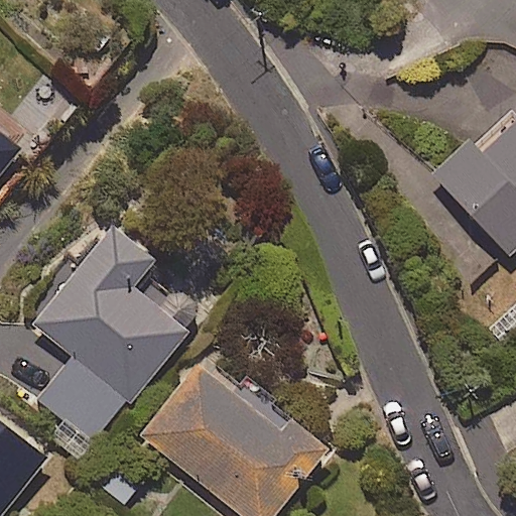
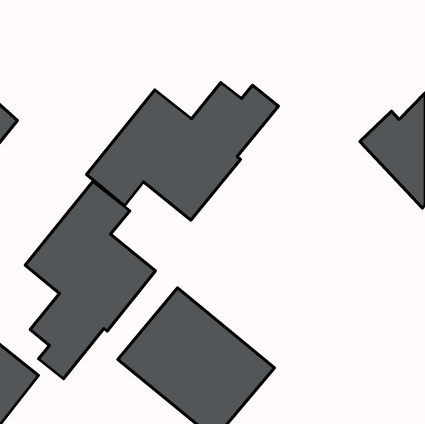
building: none -> [86,82,278,220]

